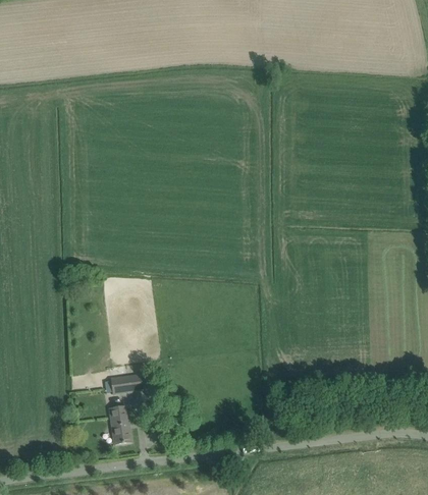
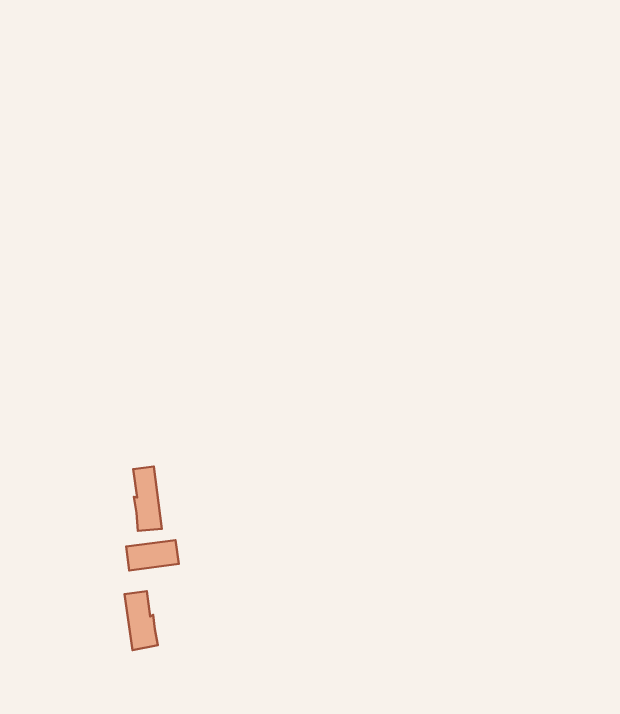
building: none -> [133,466,162,531]

